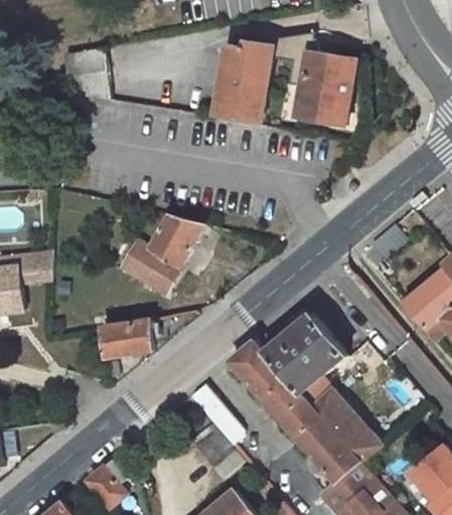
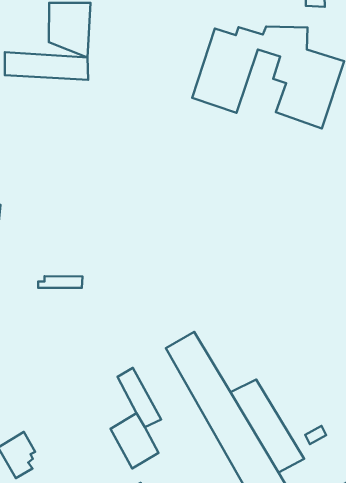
building: none -> [5,52,88,80]
building: [103,216,203,293] -> none
building: [255,302,345,390] -> none
building: [100,317,153,356] -> none

